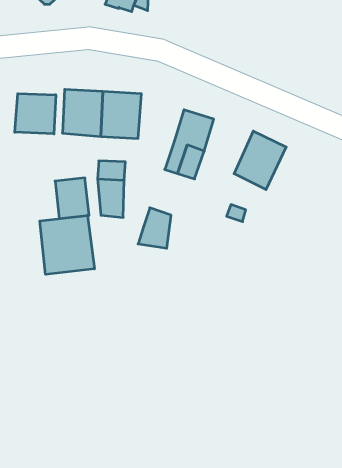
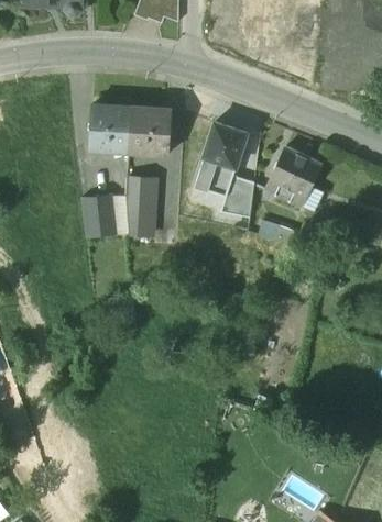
building: [15,94,56,134] -> none
building: [138,208,171,248] -> [220,177,254,219]
building: [40,215,94,274] -> none

